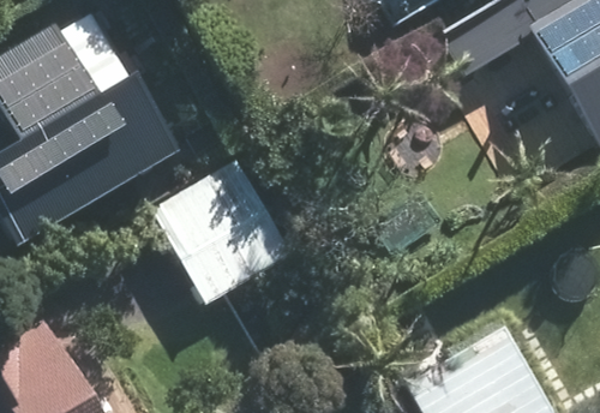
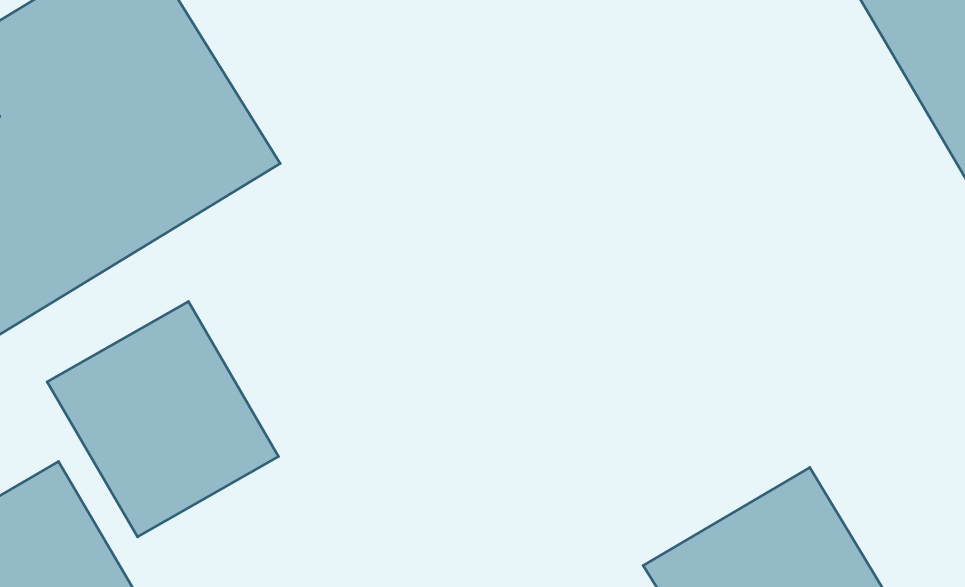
building: [151,161,293,305] -> [47,301,279,537]

